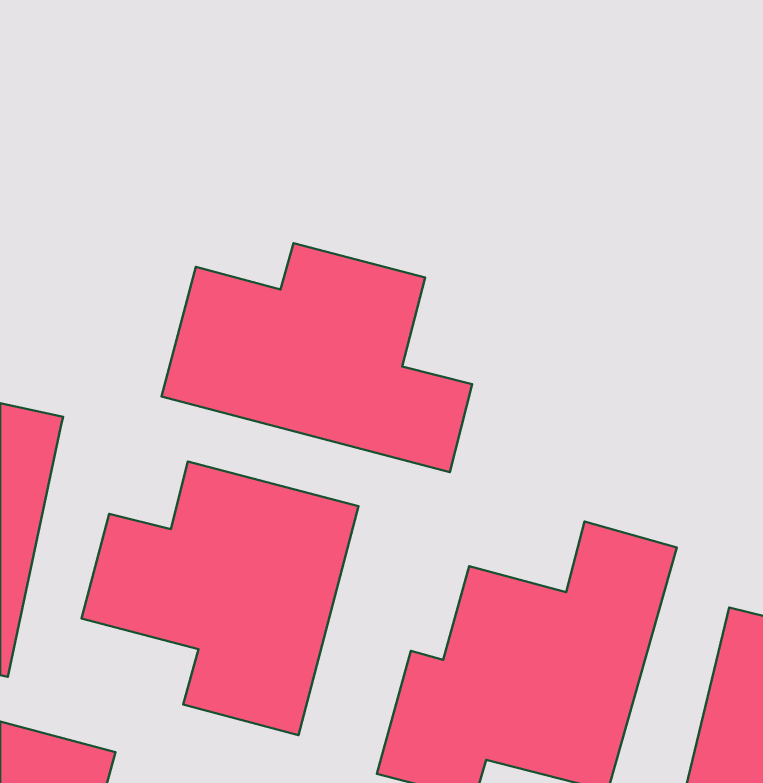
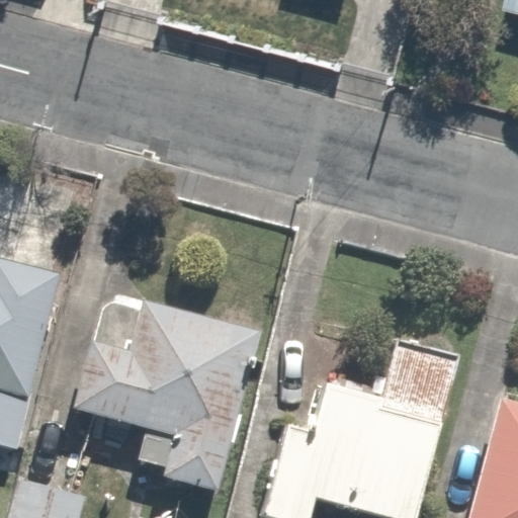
building: [162,243,472,472] -> none

